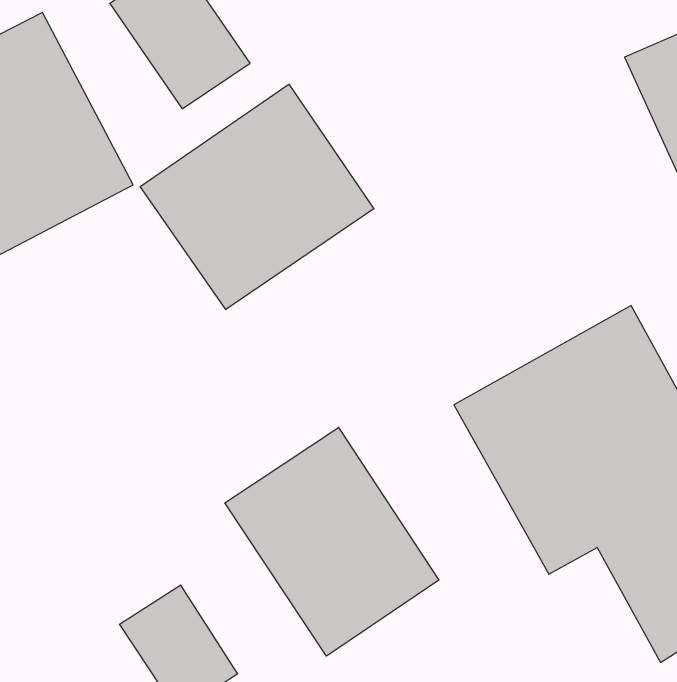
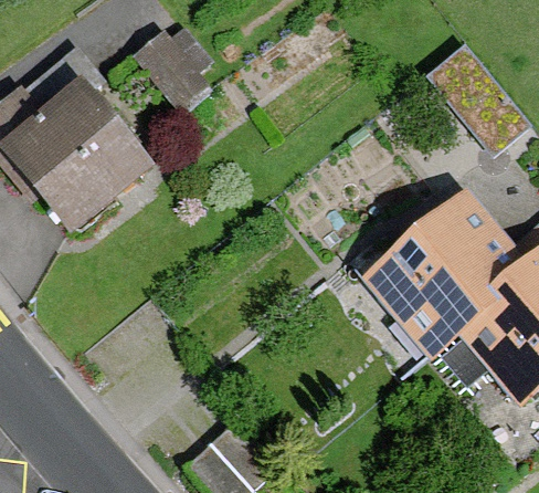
building: [140,84,374,310] -> none
building: [225,427,439,656] -> none

